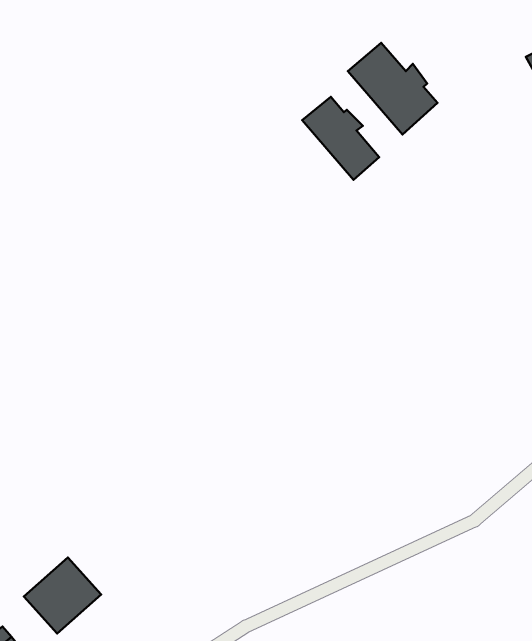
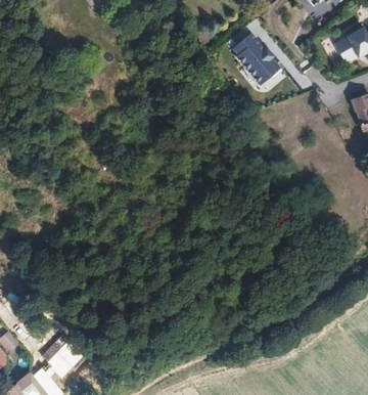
building: [302,97,379,180] -> none

